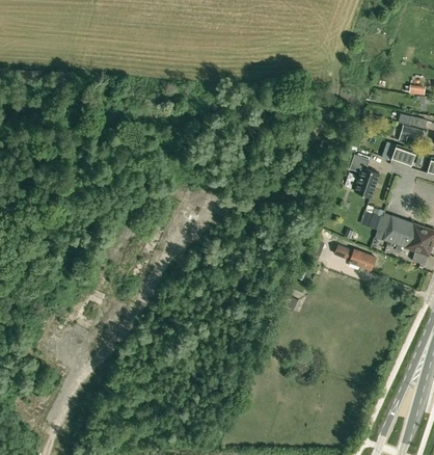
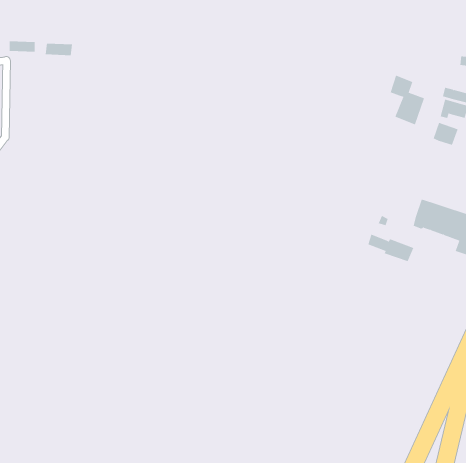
building: [349,153,380,197] -> [390,75,425,125]

